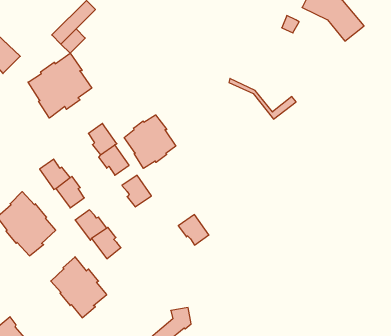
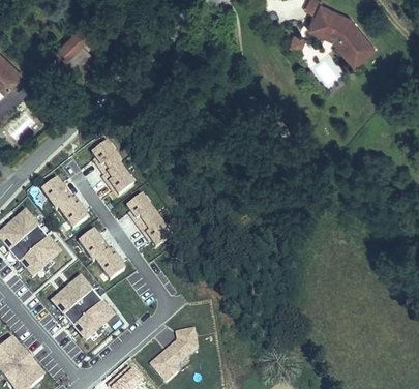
building: [28,53,92,118] -> none
building: [229,78,296,119] -> [307,23,376,64]
building: [124,115,176,168] -> none
building: [178,215,209,245] -> [139,214,170,245]

